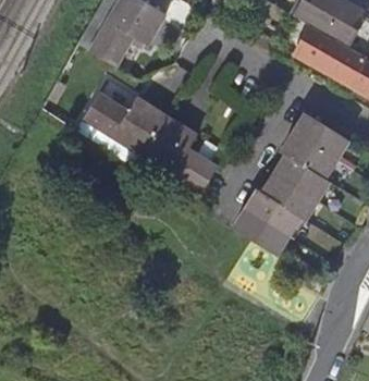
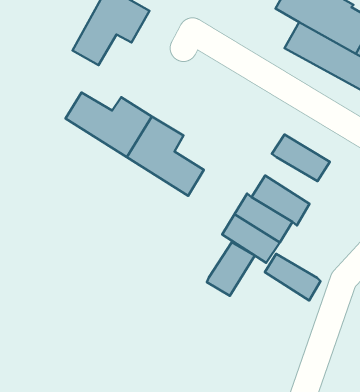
building: [294,111,349,158] -> none
building: [275,153,329,198] -> [265,254,320,301]
building: none -> [207,242,255,296]

